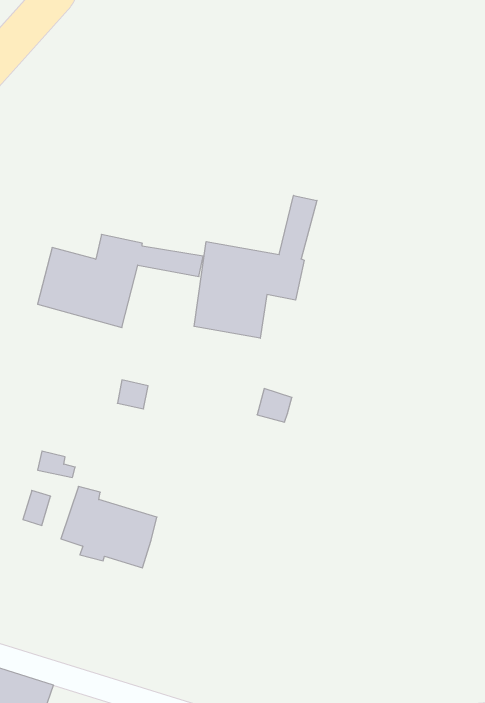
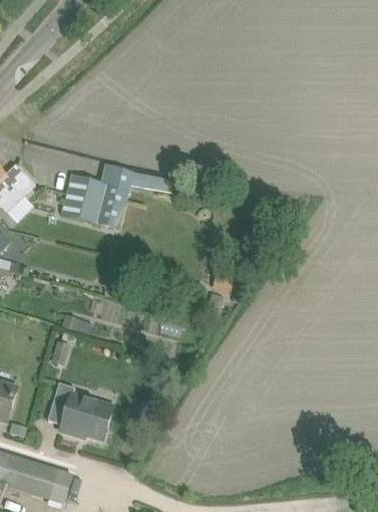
building: [194,195,317,338] -> none
building: [61,486,157,568] -> [47,383,113,440]

